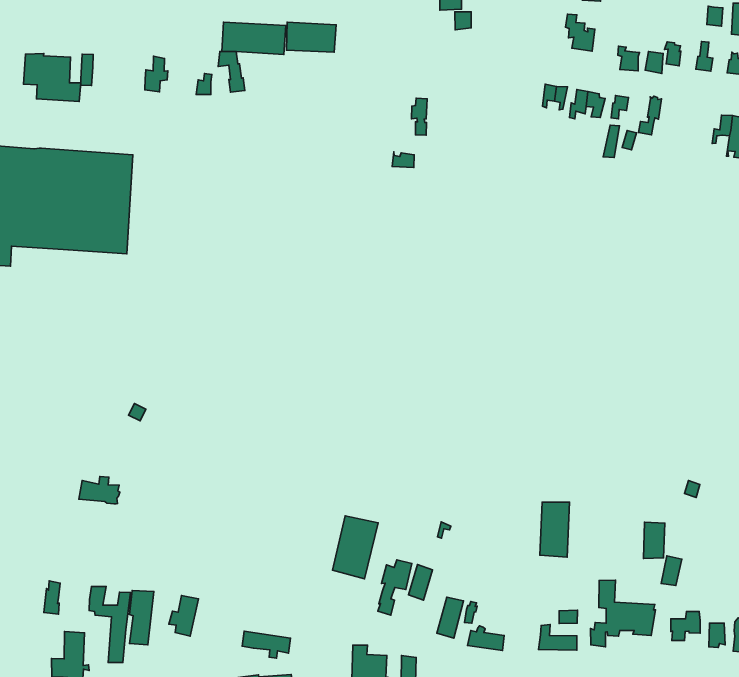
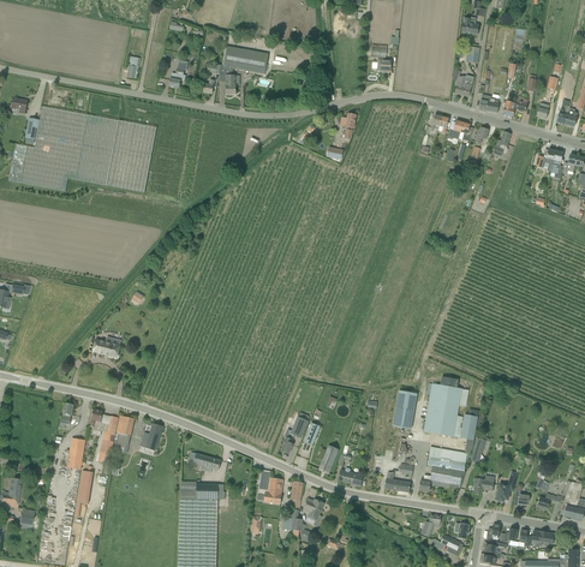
building: [287,22,336,52] -> none
building: [24,54,81,101] -> none
building: none -> [424,376,461,436]
building: [333,516,378,579] -> none

